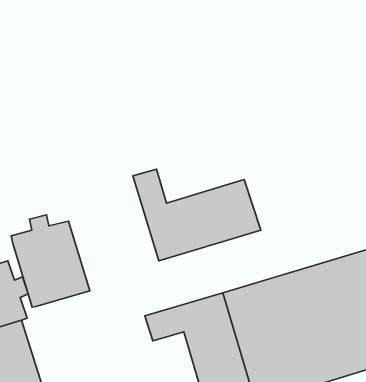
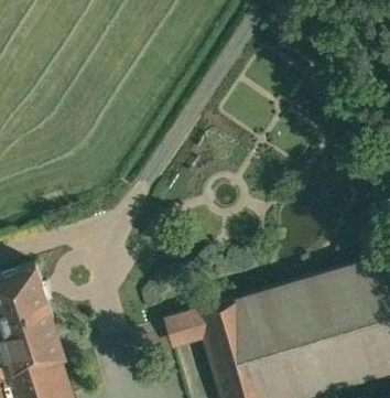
building: [133,169,261,261] -> none
building: [11,215,90,307] -> none

